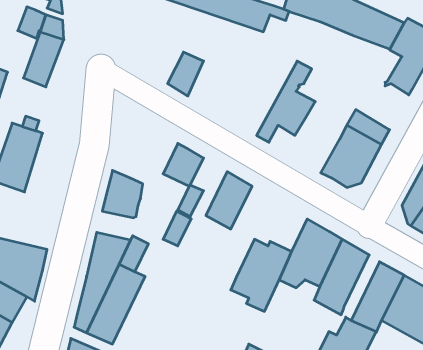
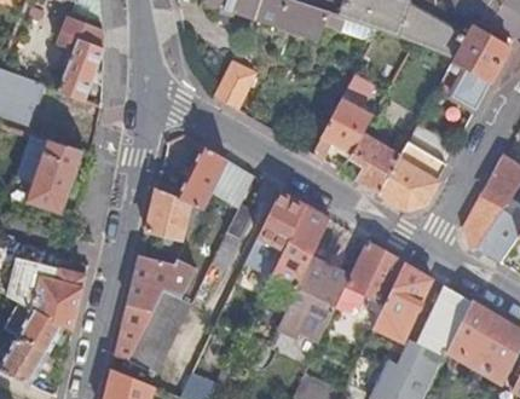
building: none -> [352,133,400,191]
building: none -> [175,145,226,209]
building: none -> [265,206,329,303]

